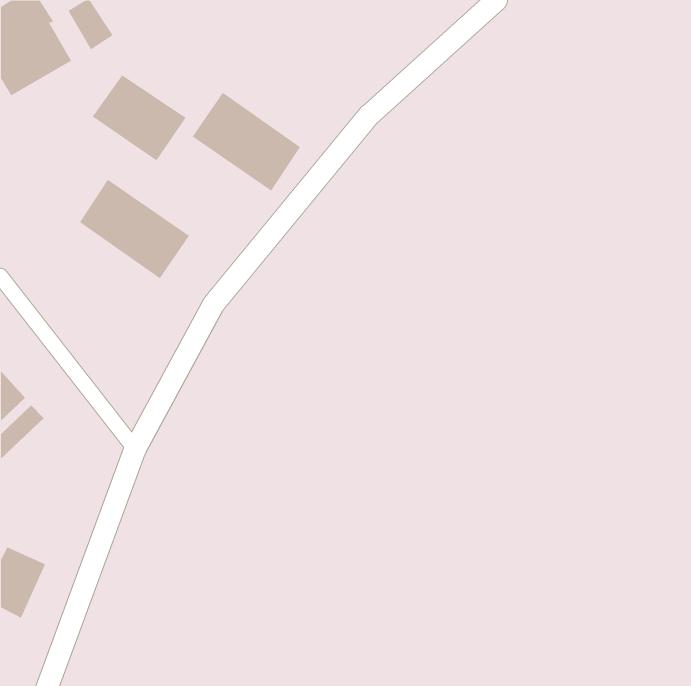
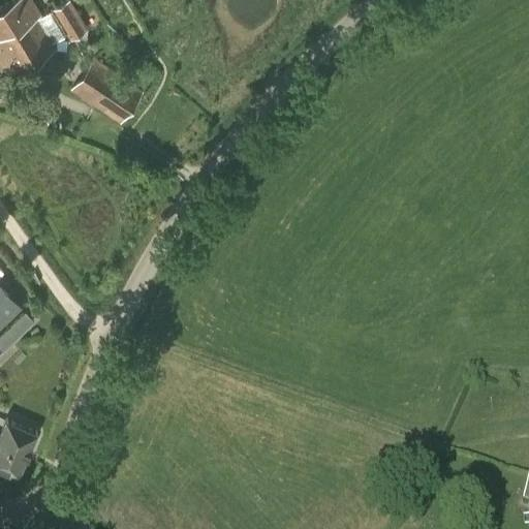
building: [192,92,301,192] -> none
building: [79,179,190,279] -> none

